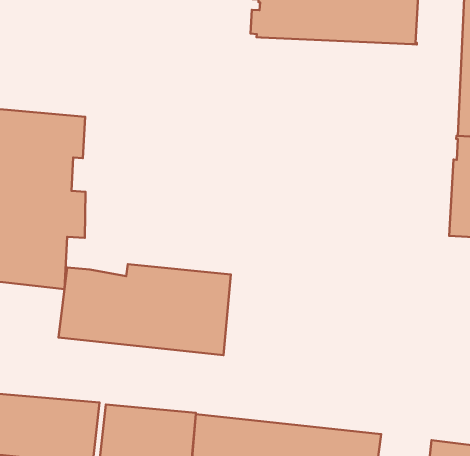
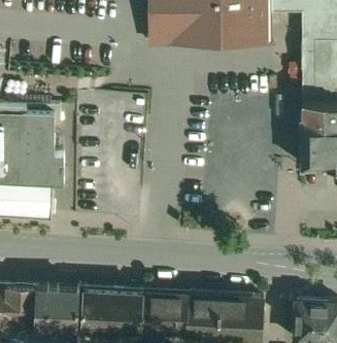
building: [58,264,231,355] -> none

